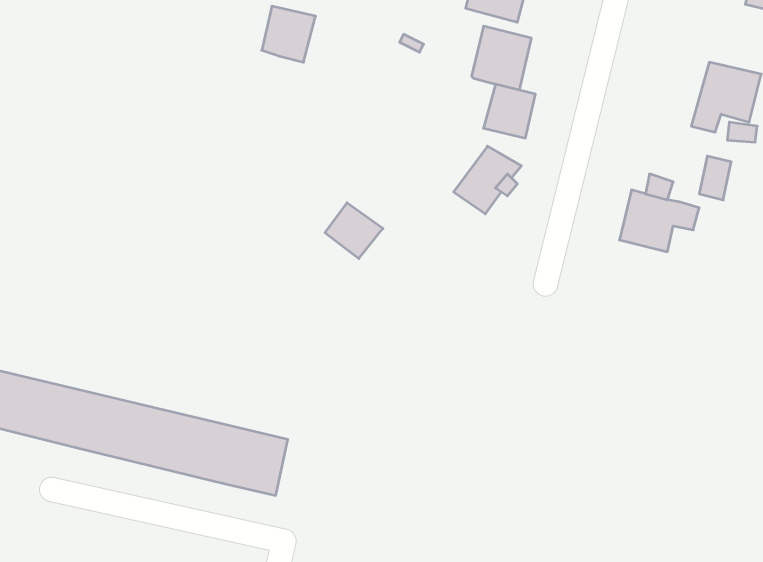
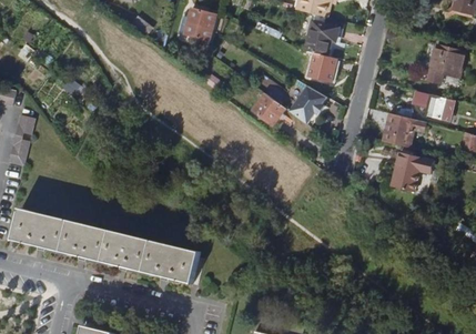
building: [325,203,383,259] -> [252,94,284,125]
building: none -> [392,153,435,192]

